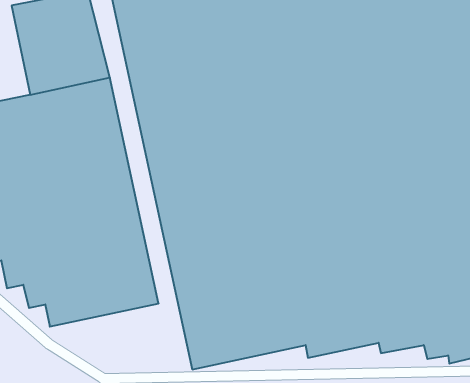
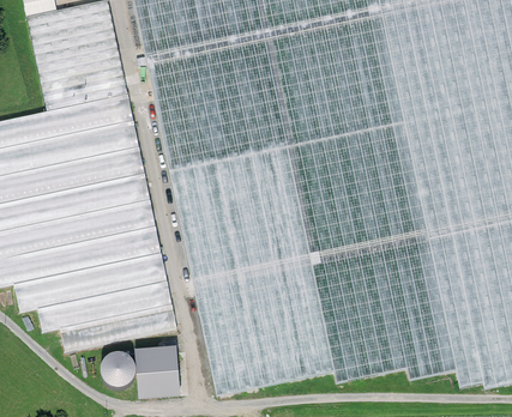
building: none -> [104,342,185,395]

